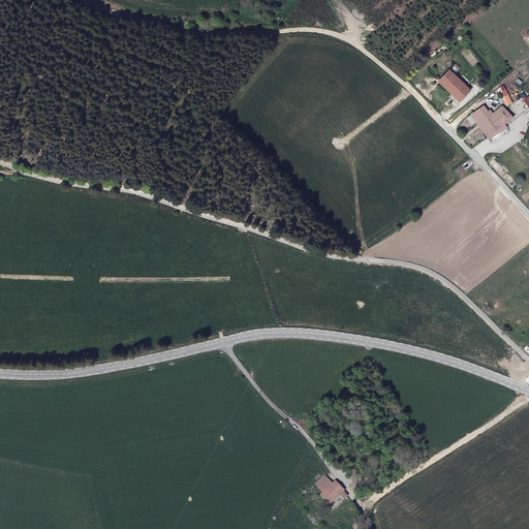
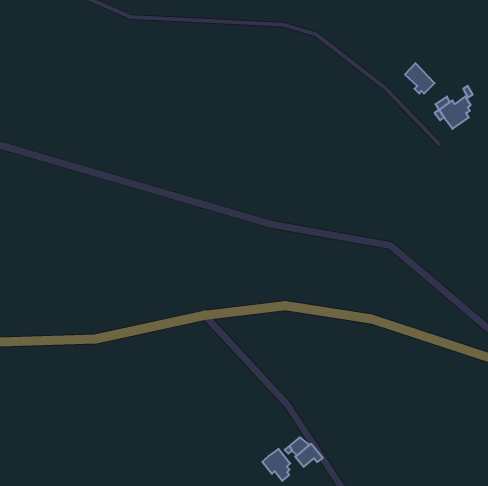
building: none -> [262,449,290,481]

